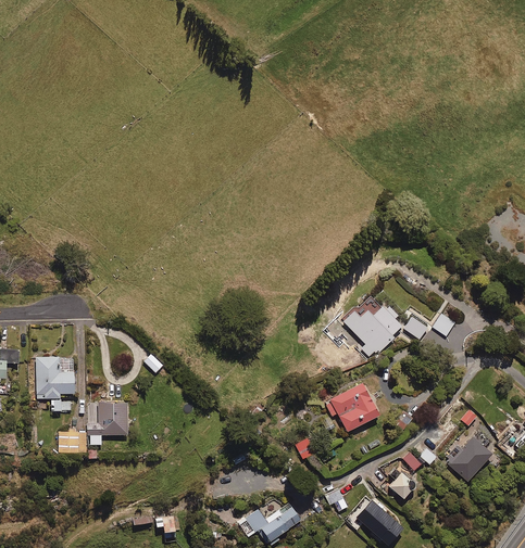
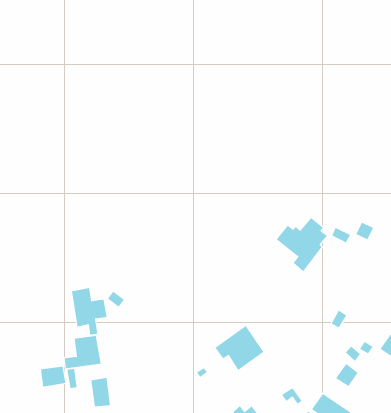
building: [36,357,73,410] -> [71,288,107,335]
building: [323,382,378,432] -> [214,325,264,371]
building: none -> [91,377,111,407]

